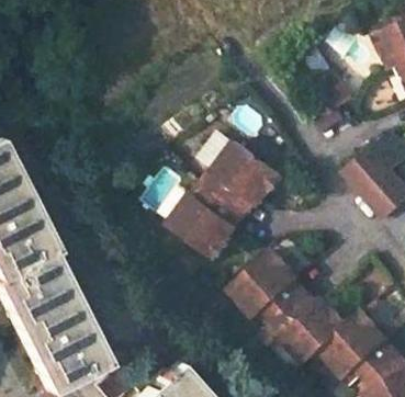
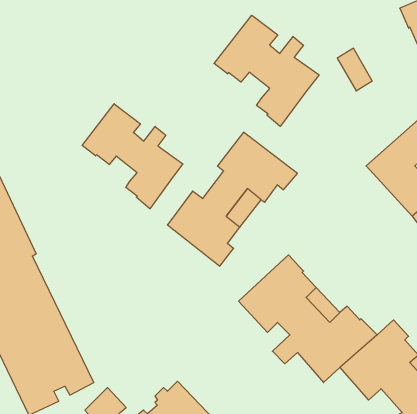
building: none -> [214,15,319,126]
building: none -> [82,104,183,209]

